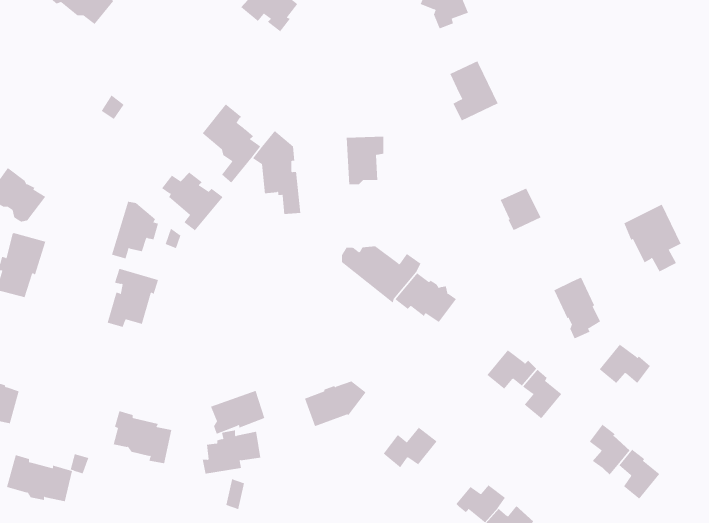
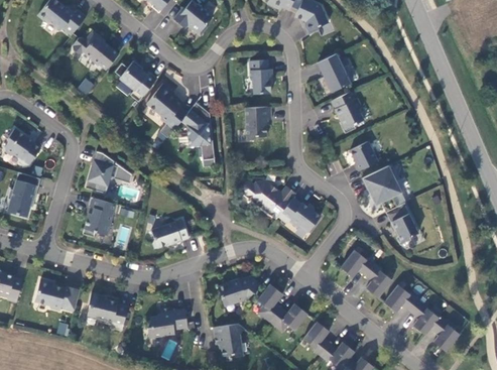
building: none -> [73,30,119,70]
building: none -> [250,59,273,94]
building: none -> [332,91,364,132]
building: [161,172,223,231] -> [115,60,157,101]
building: [624,204,681,272] -> [362,164,401,211]
building: [599,344,651,384] -> [384,286,419,314]
building: [210,390,265,435] -> [149,217,187,247]
building: none -> [257,283,283,322]
building: none -> [302,322,330,356]
building: [6,454,73,502] -> [34,278,80,311]
building: none -> [214,323,245,357]

